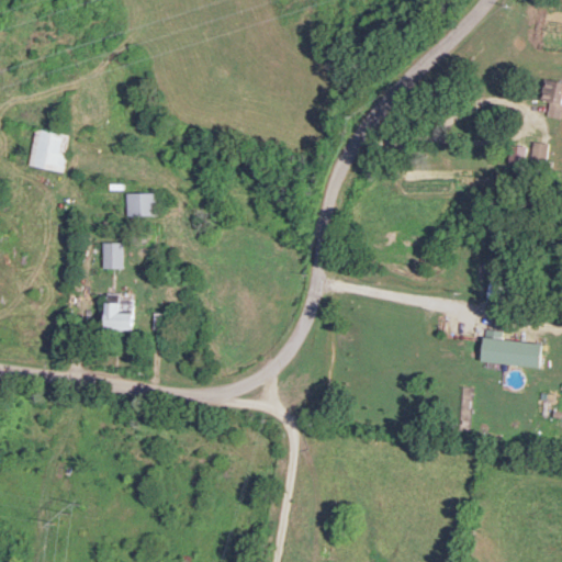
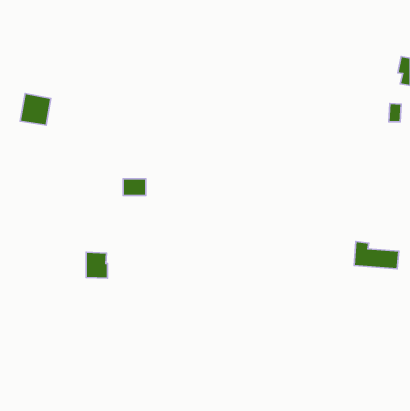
building: [126,194,157,217] -> [123,179,146,196]
building: [103,244,121,269] -> none
building: [105,296,134,331] -> [86,252,107,278]

